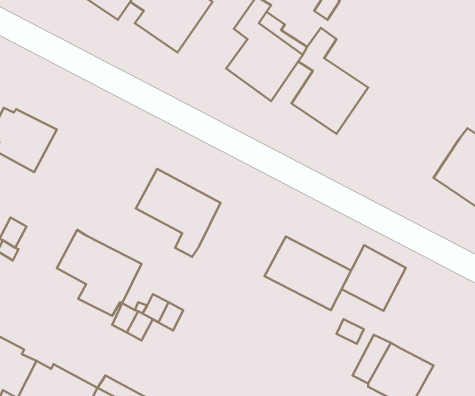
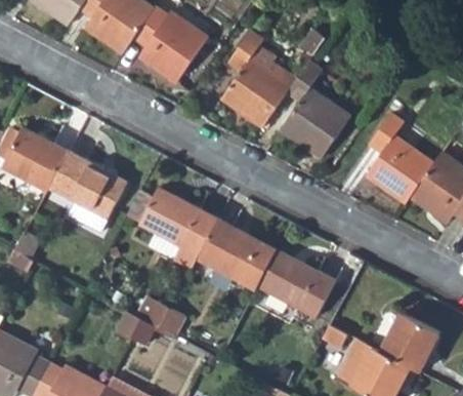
building: none -> [365,112,433,202]
building: none -> [197,219,276,288]
building: [57,230,141,316] -> [49,152,126,230]
building: [342,245,406,311] -> [380,311,438,370]

